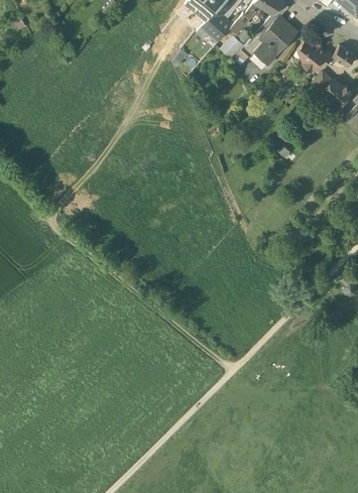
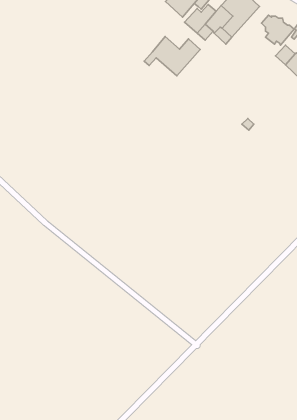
building: none -> [144,37,200,76]

